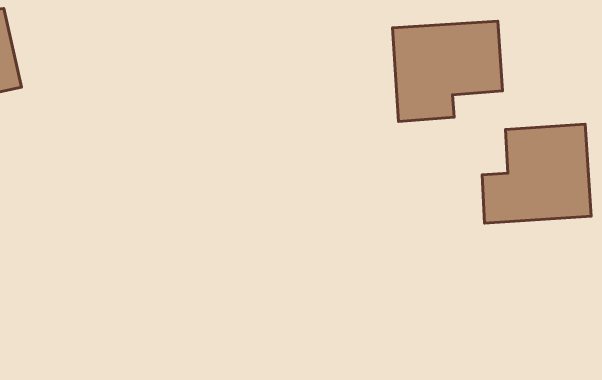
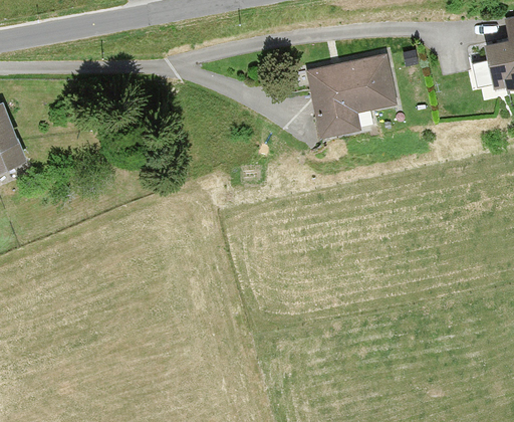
building: [482,124,591,223] -> none

